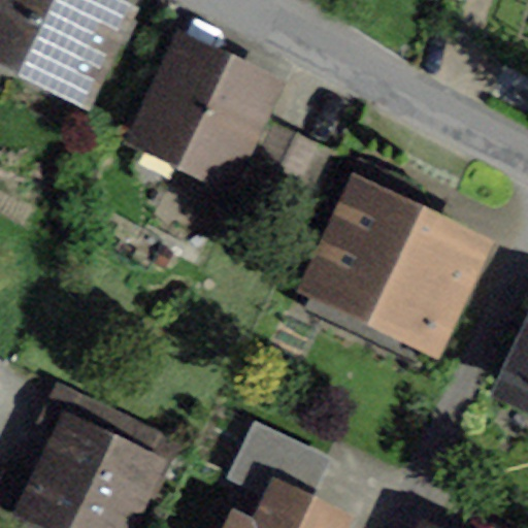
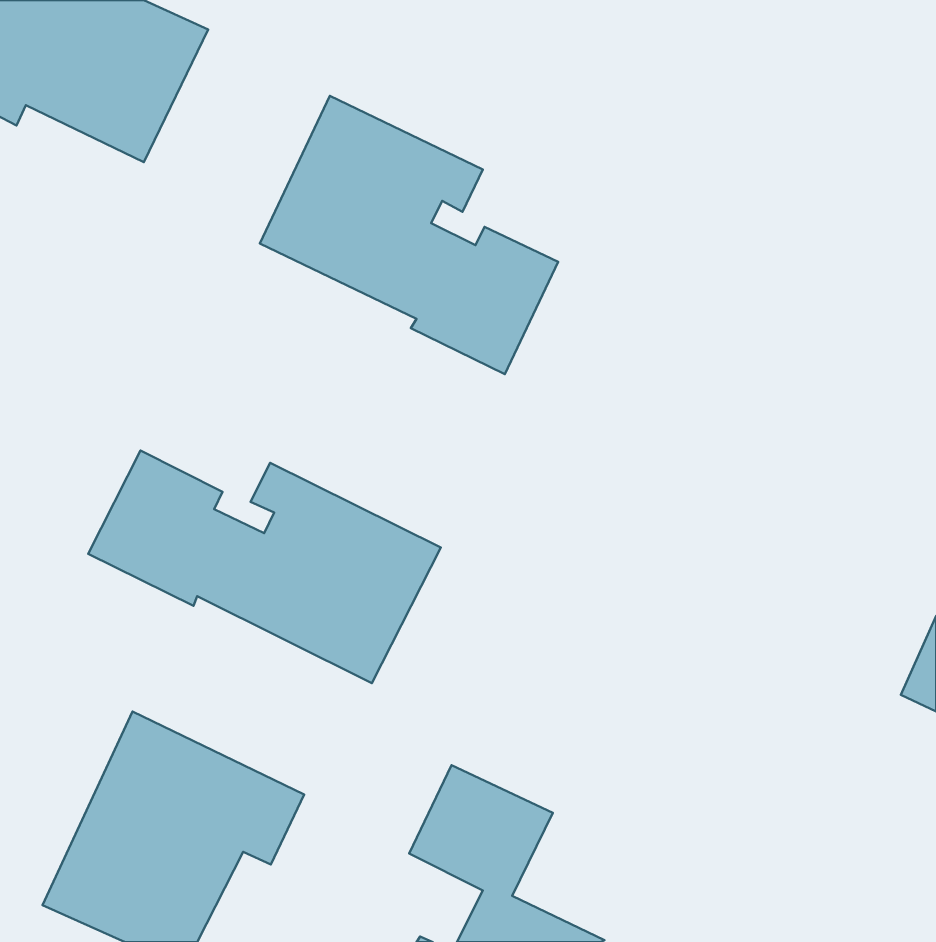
building: [308,162,470,353] -> none
building: none -> [88,451,441,683]

